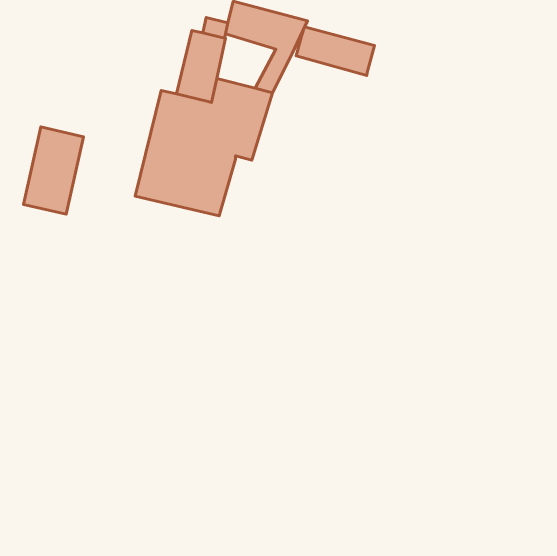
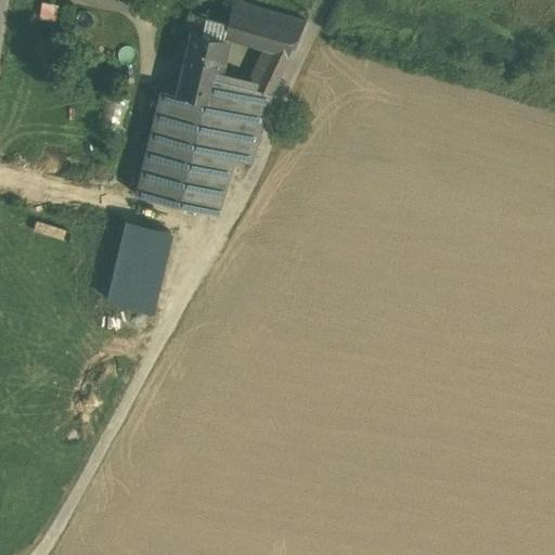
building: [296,27,374,76] -> none
building: [24,127,83,214] -> [108,222,168,309]

